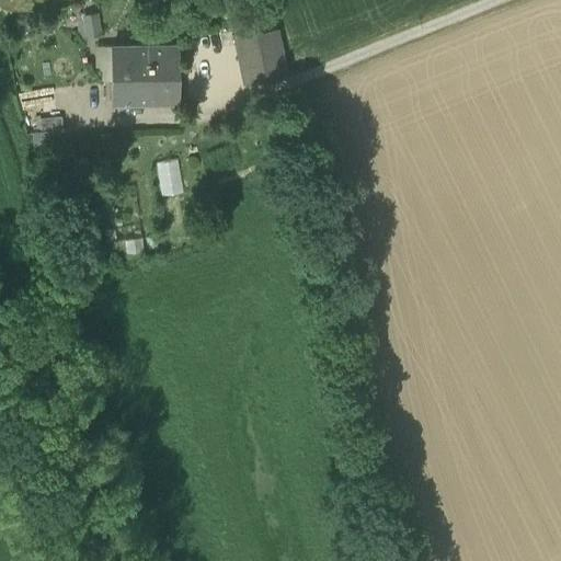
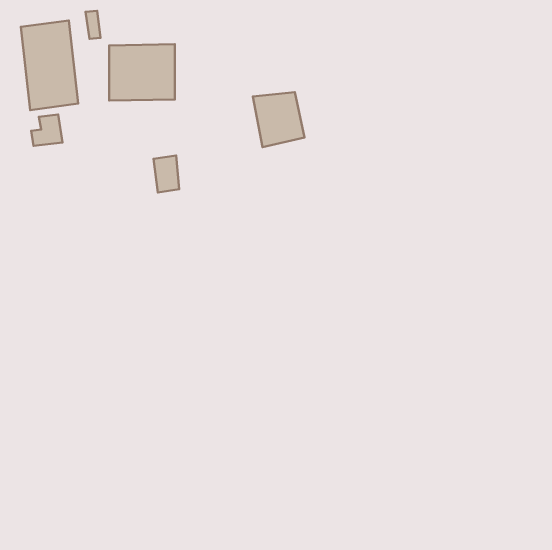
building: none -> [21,20,78,110]
building: [233,31,286,87] -> [253,92,305,147]

